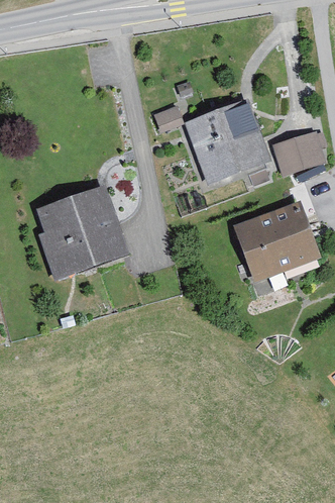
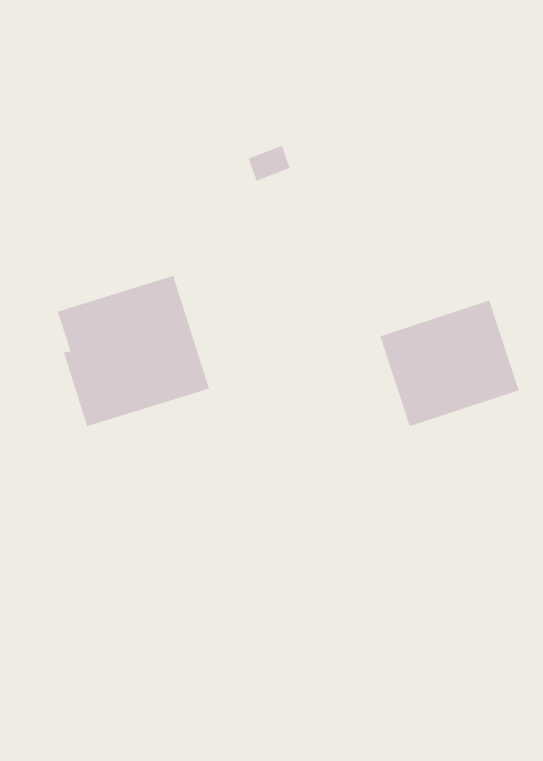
building: [187,102,271,186] -> none
building: [272,131,321,173] -> none

